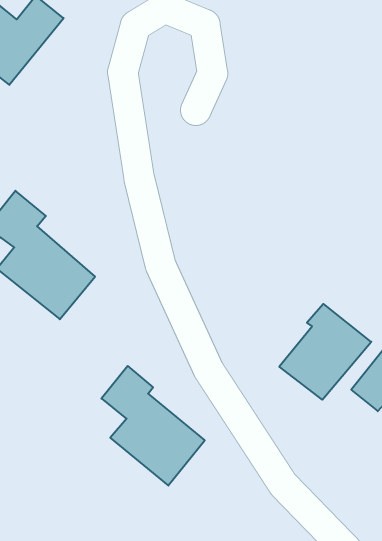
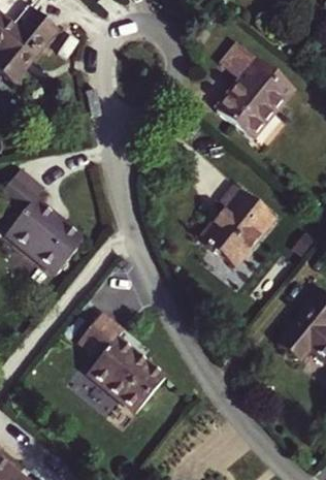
building: none -> [216,41,291,136]
building: [279,304,371,400] -> [199,188,274,266]

